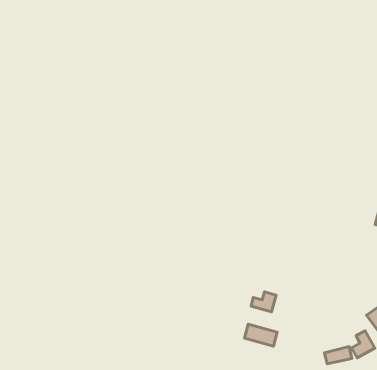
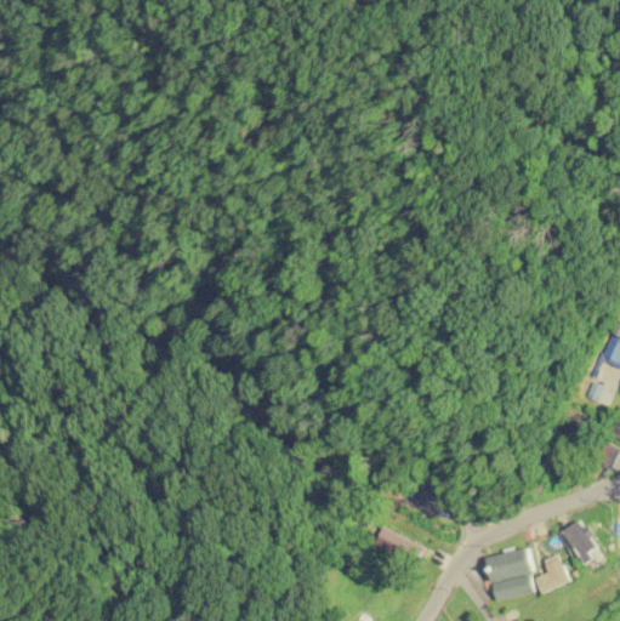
building: [251,292,276,312] -> none
building: none -> [485,549,533,581]

